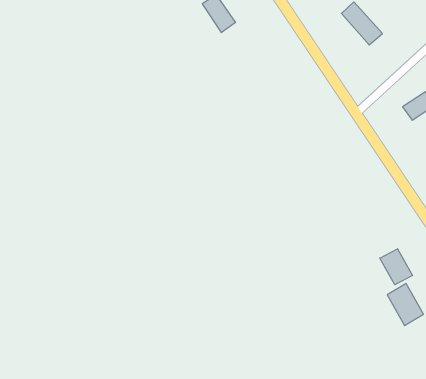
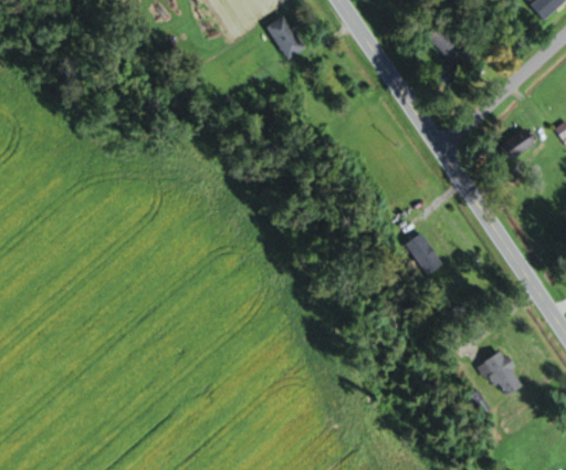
building: none -> [405,232,442,275]
building: [380,249,413,285] -> none

